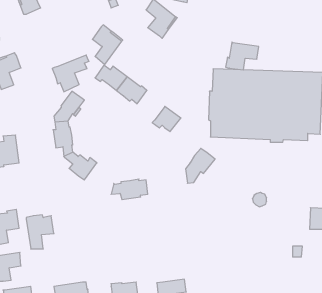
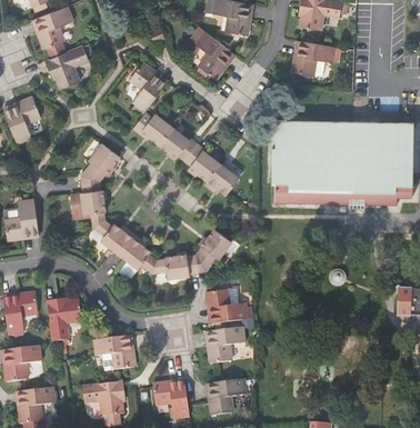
building: [226,42,259,70] -> [292,40,333,74]
building: [52,55,89,92] -> [46,43,91,89]
building: none -> [184,143,219,180]
building: [186,148,215,183] -> [196,229,232,272]
building: none -> [119,233,156,277]
building: none -> [206,287,247,324]
building: none -> [207,326,244,362]
building: none -> [92,335,134,369]

